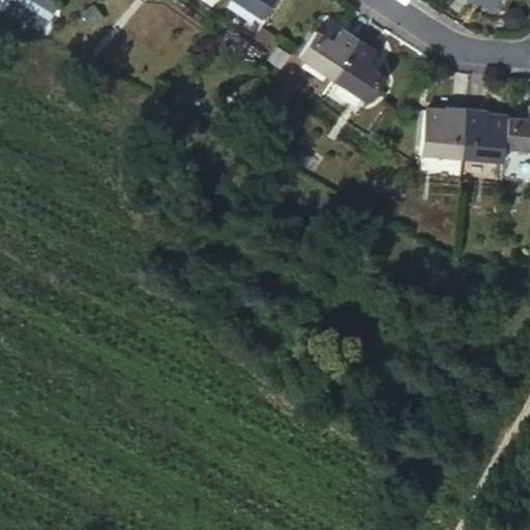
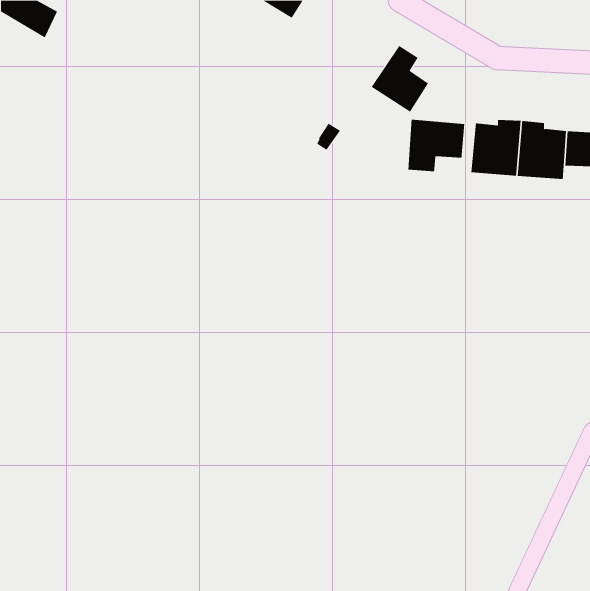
building: [299,30,358,79] -> none
building: none -> [408,119,465,172]

